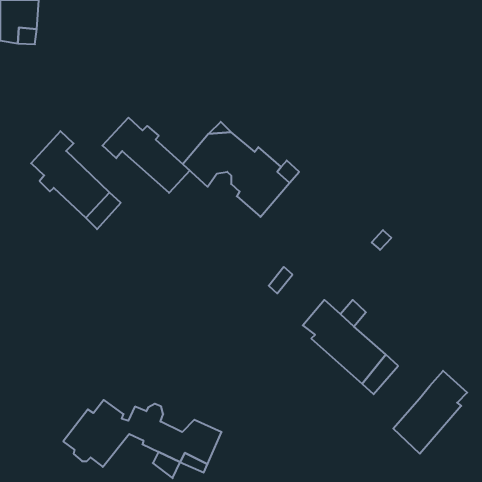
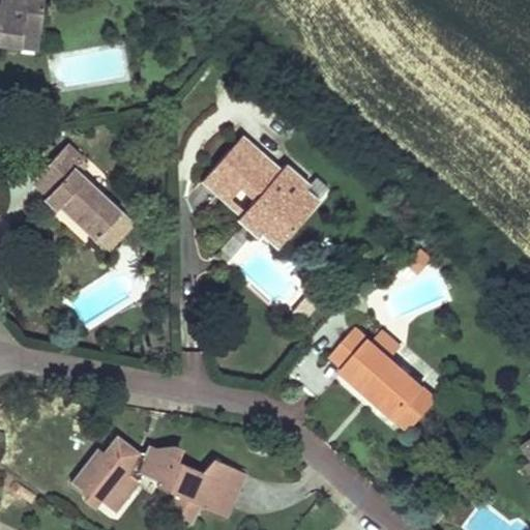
building: [102,118,190,193] -> none
building: none -> [237,202,286,248]
building: [393,371,467,454] -> none

